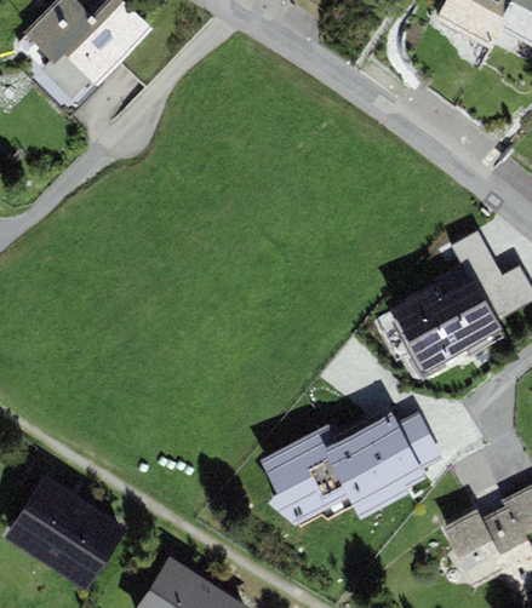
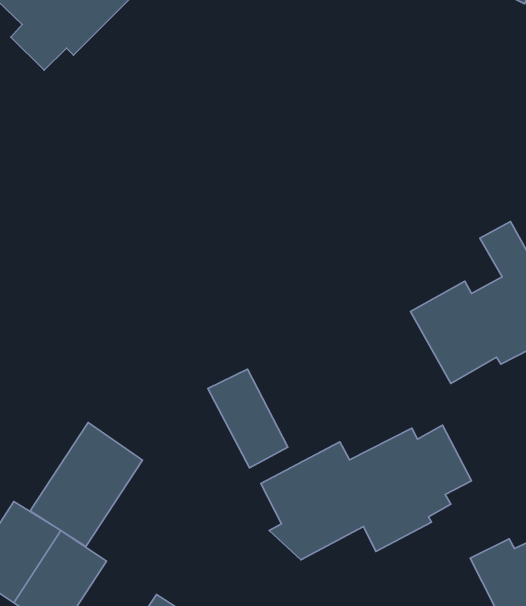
building: none -> [208,369,288,468]
building: none -> [30,422,143,546]

